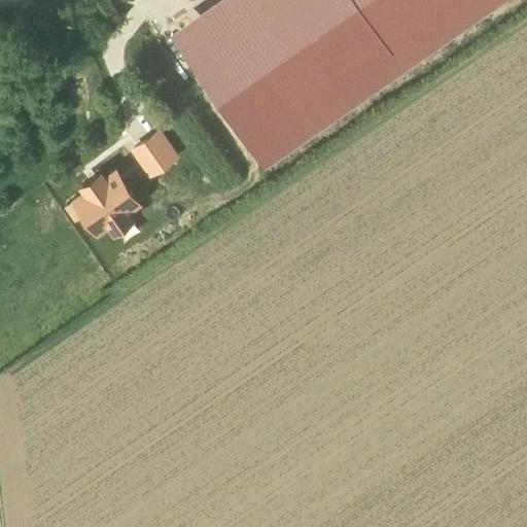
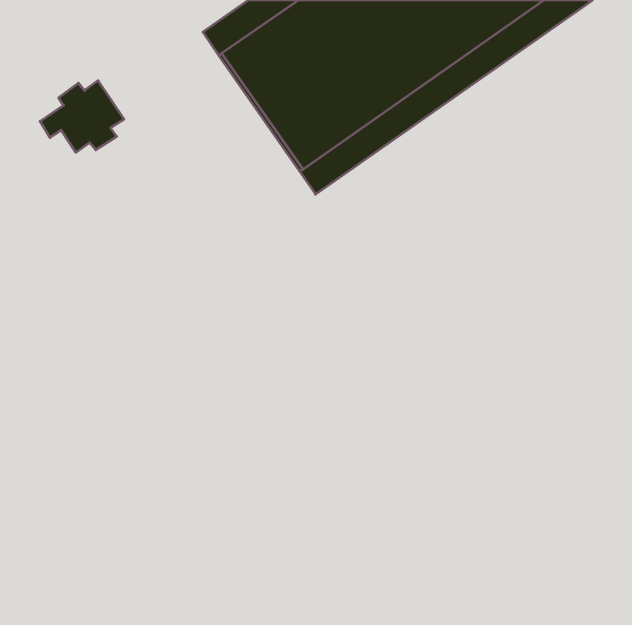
building: [134,137,174,176] -> none
building: [67,175,137,235] -> [40,81,124,152]

